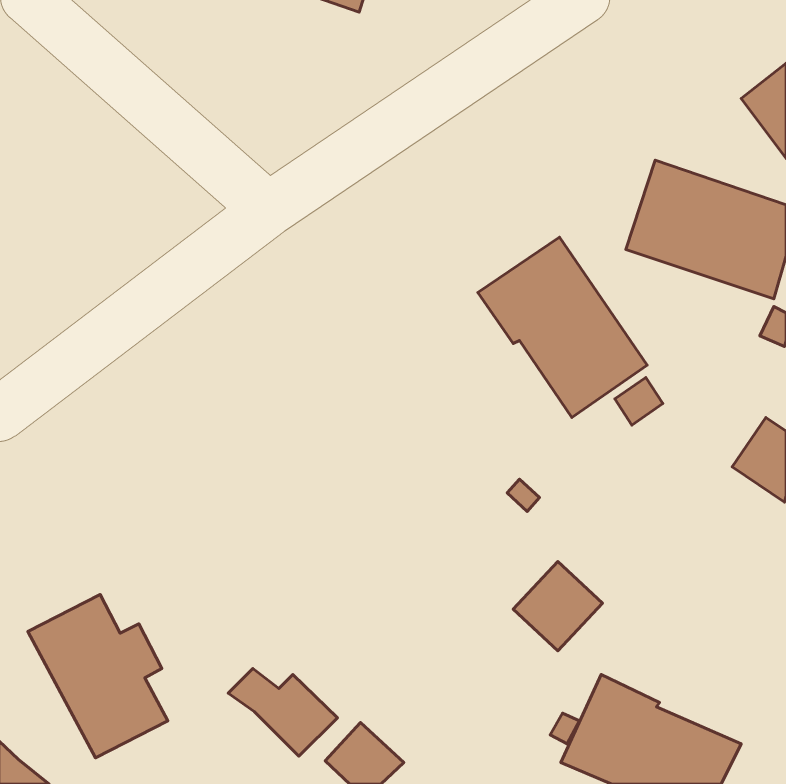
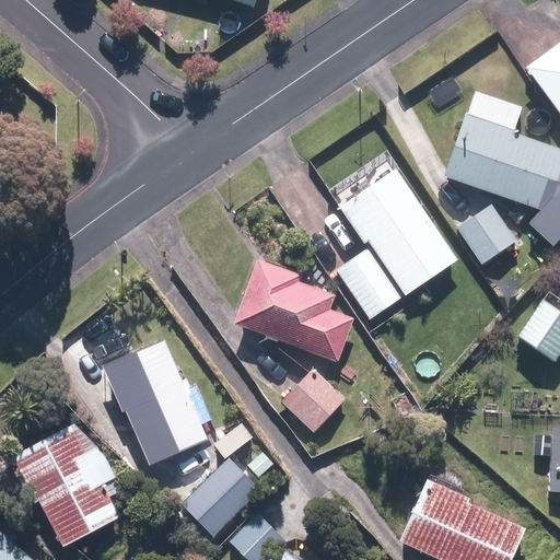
building: none -> [457,205,517,264]
building: none -> [337,249,401,318]
building: none -> [235,259,352,361]
building: none -> [104,340,208,465]
building: [513,562,602,651] -> [283,368,347,431]

